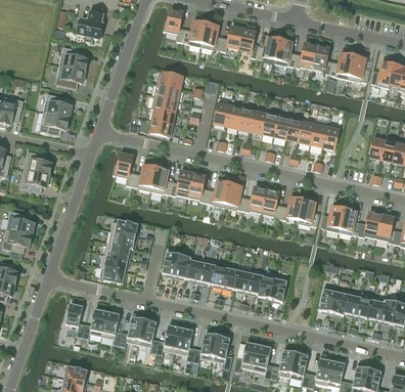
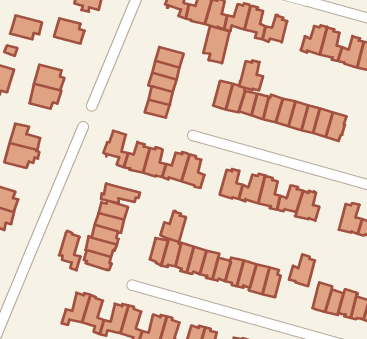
building: [273,38,296,66] -> [239,61,263,90]
building: none -> [203,26,230,63]
building: [54,67,84,88] -> [10,16,42,39]
building: [206,178,229,207] -> [160,211,186,242]
building: none -> [101,183,140,203]
building: [320,204,344,233] -> [289,254,315,286]
building: [64,301,85,338] -> [59,231,81,270]

